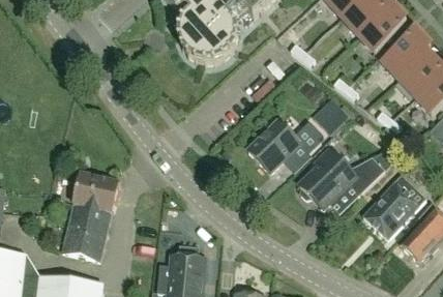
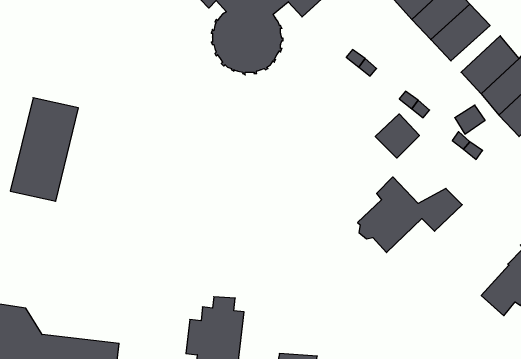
building: [248,120,322,172] -> none
building: [63,172,119,257] -> [10,98,78,201]
building: [364,174,427,237] -> none

